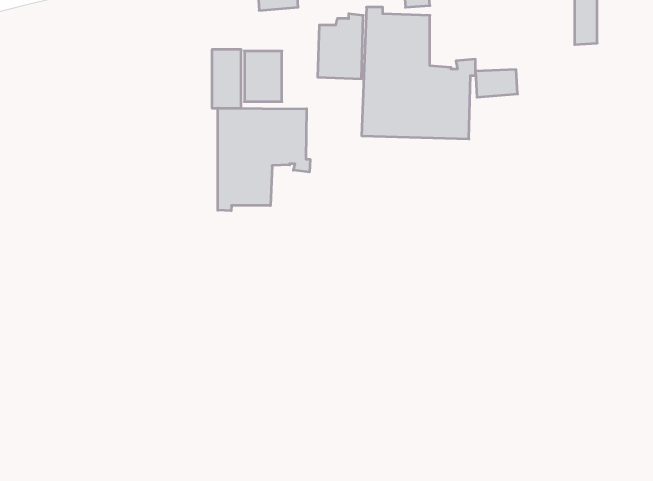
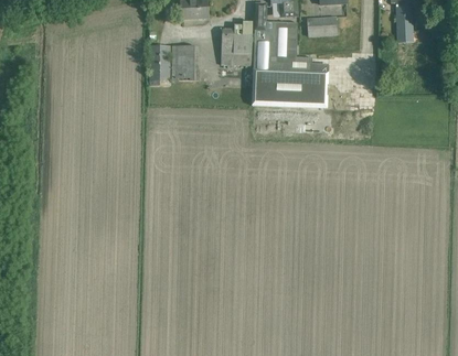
building: [475,70,518,97] -> [307,17,335,35]
building: [218,108,310,211] -> none

